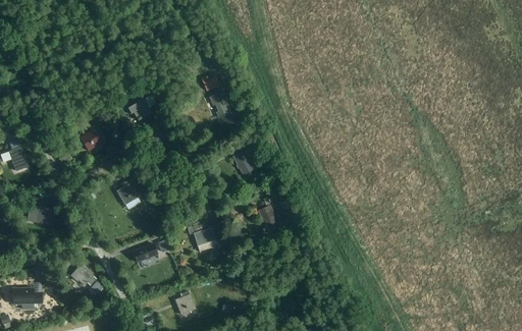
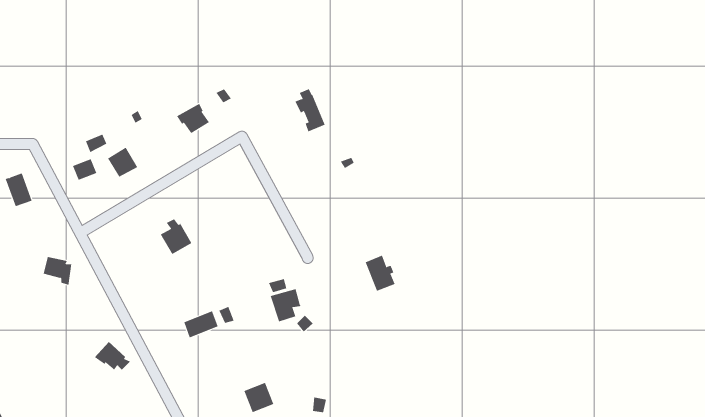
building: [234,148,262,175] -> none
building: [11,288,42,310] -> none

